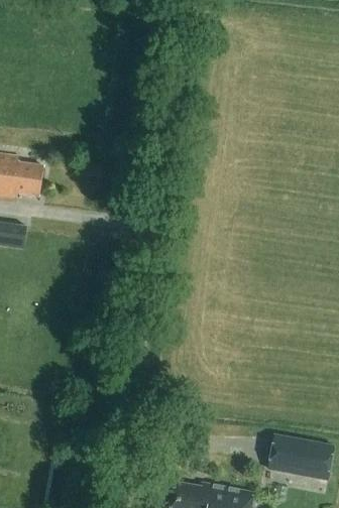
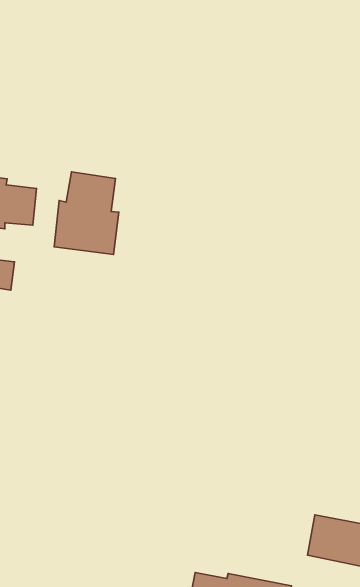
building: none -> [54,172,119,254]

